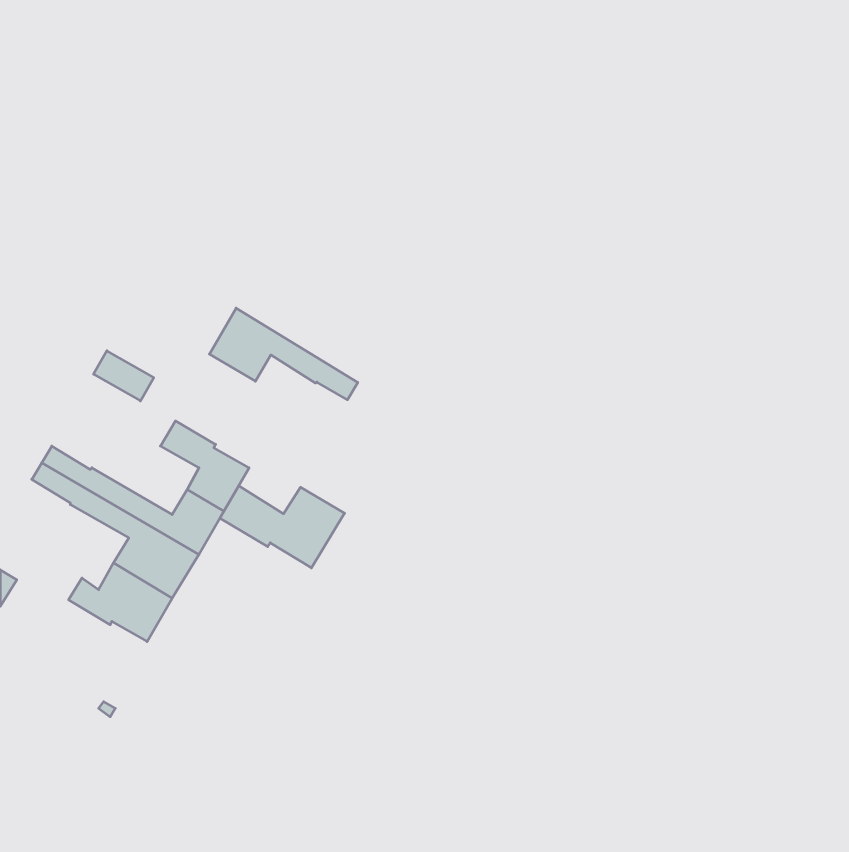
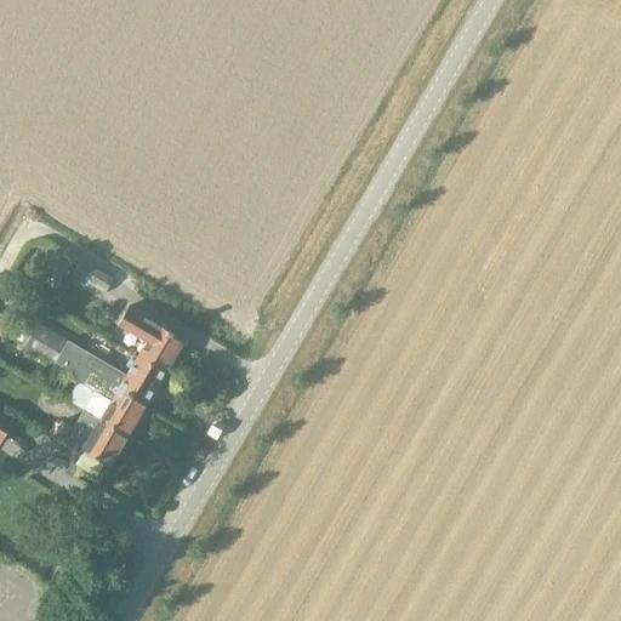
building: [209,308,358,400] -> none
building: [220,486,345,568] -> none

